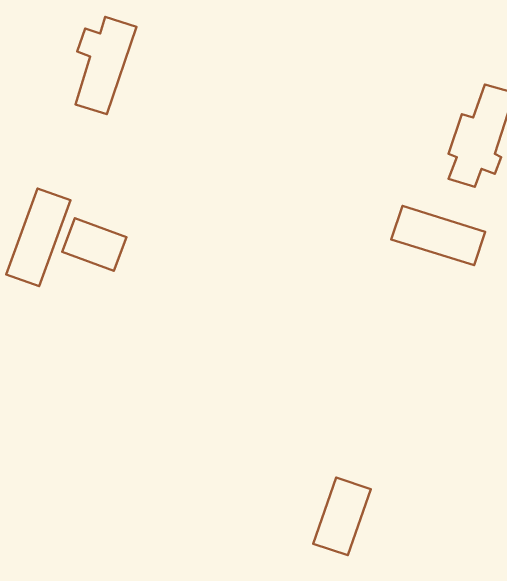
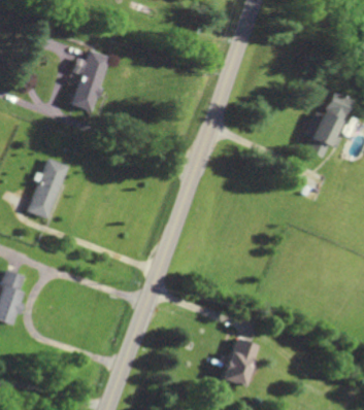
building: [391,206,485,265] -> none
building: [62,218,127,271] -> none

